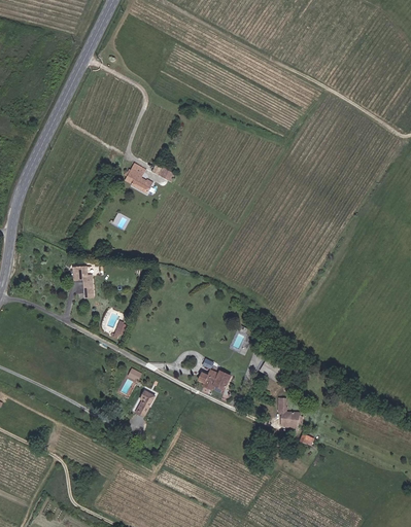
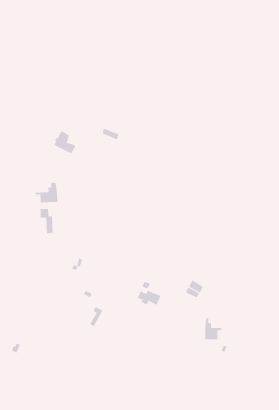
building: [124,161,152,190] -> [53,130,76,154]
building: none -> [35,182,58,203]

